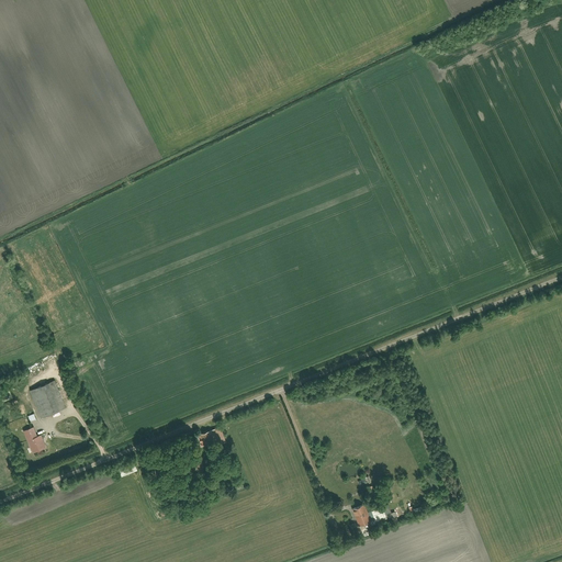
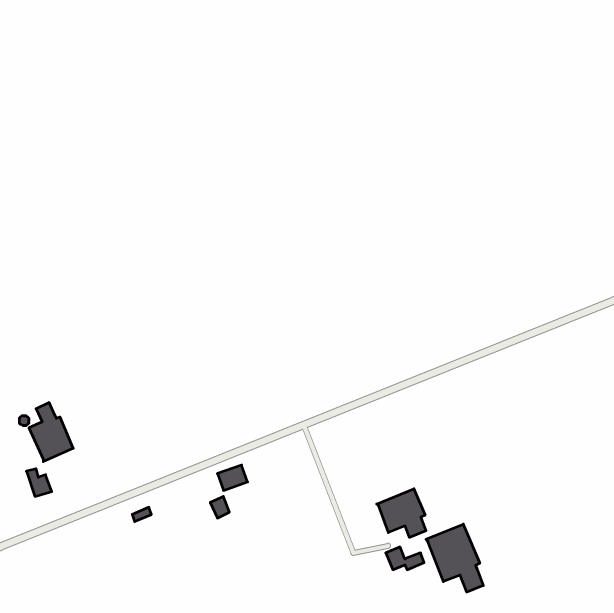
building: none -> [377,489,426,537]
building: none -> [426,524,483,592]

